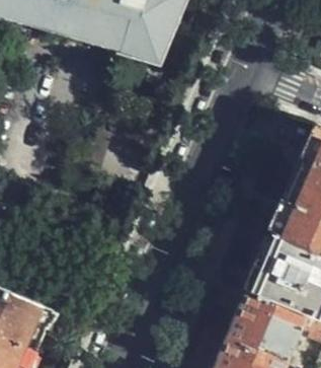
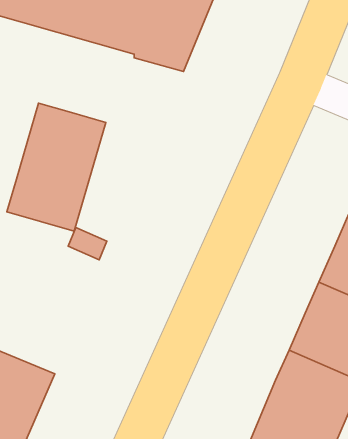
building: none -> [7,103,106,231]

